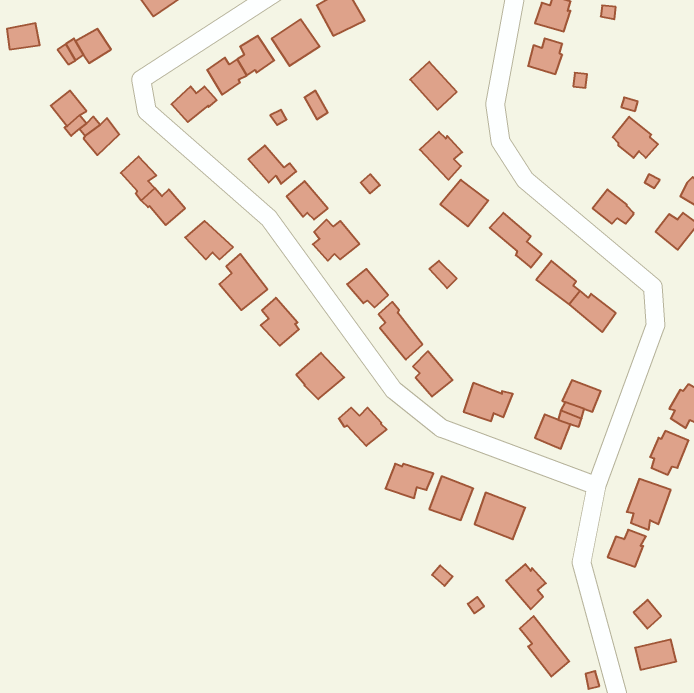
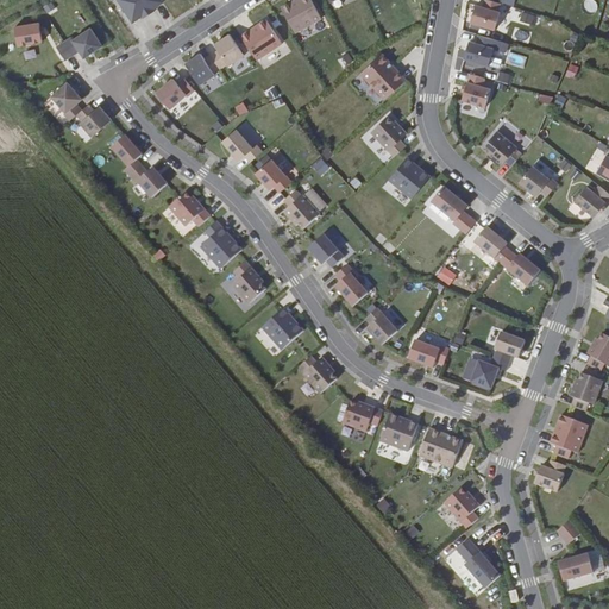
building: none -> [462,71,491,106]
building: [613,117,658,158] -> [483,130,522,165]

